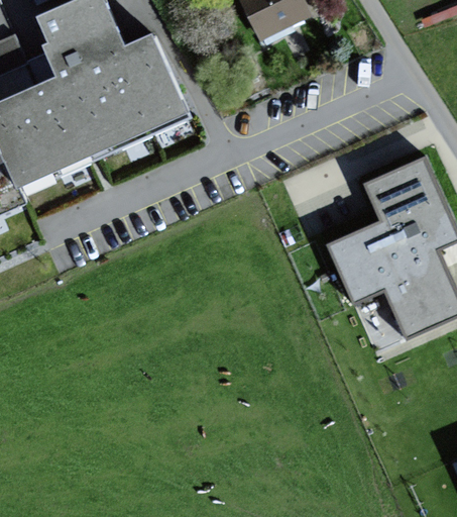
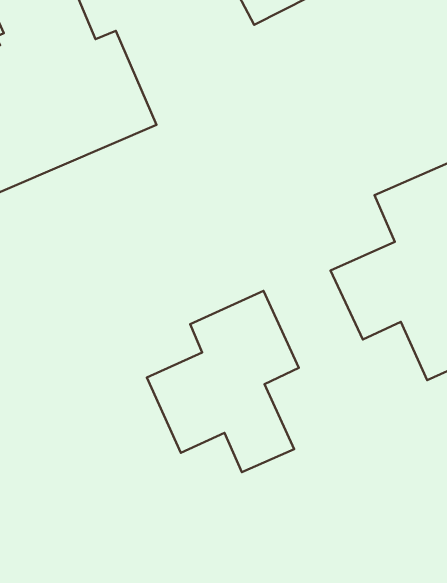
building: none -> [147,291,299,472]

